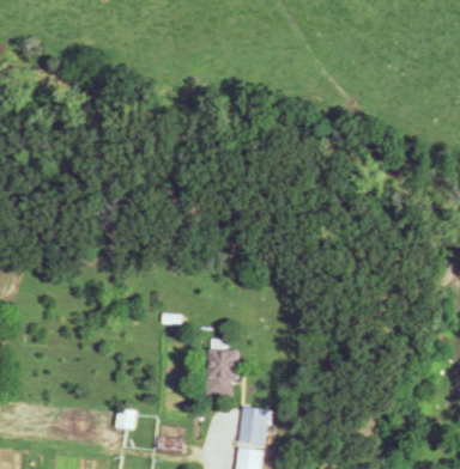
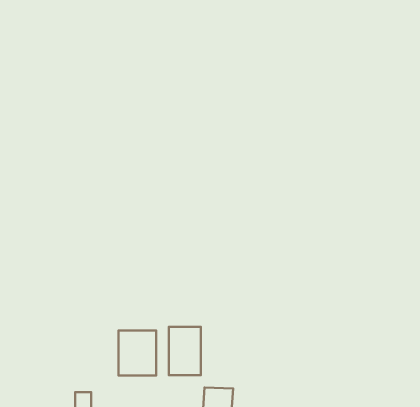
building: none -> [118,331,156,376]

